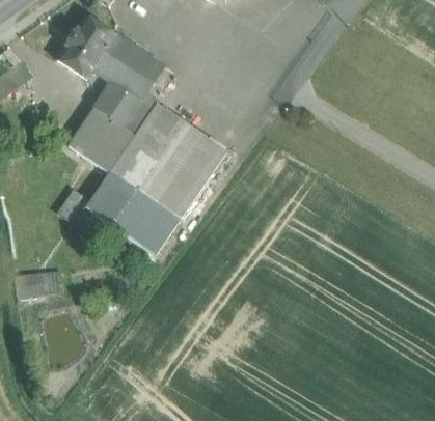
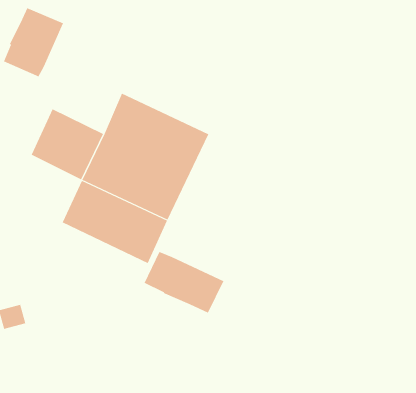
building: [92,33,164,135] -> none
building: none -> [144,251,224,313]

